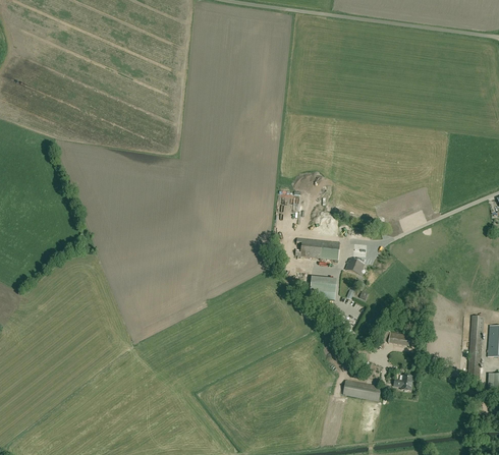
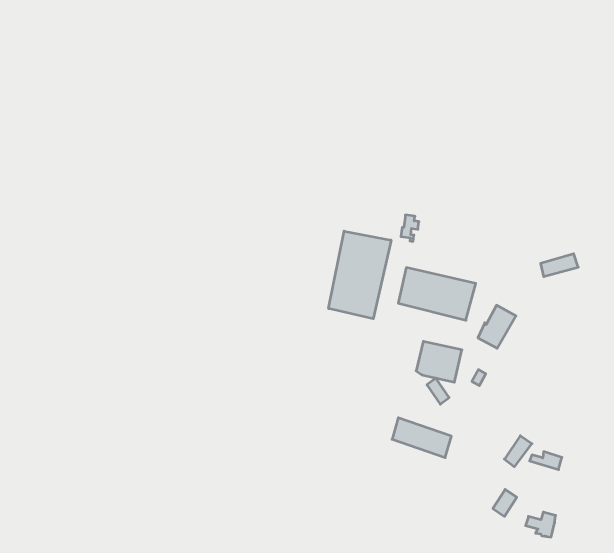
building: none -> [329,231,391,319]
building: [343,380,381,401] -> [392,418,451,458]

